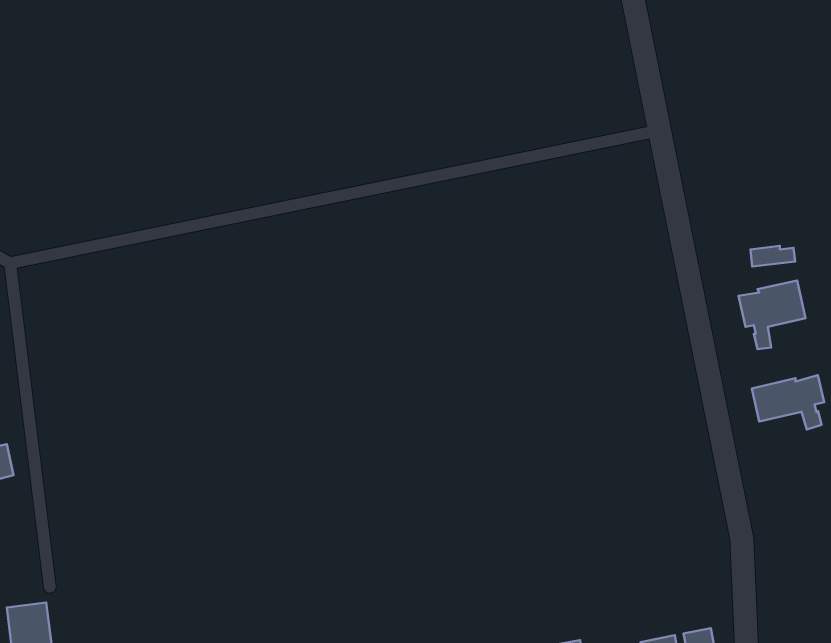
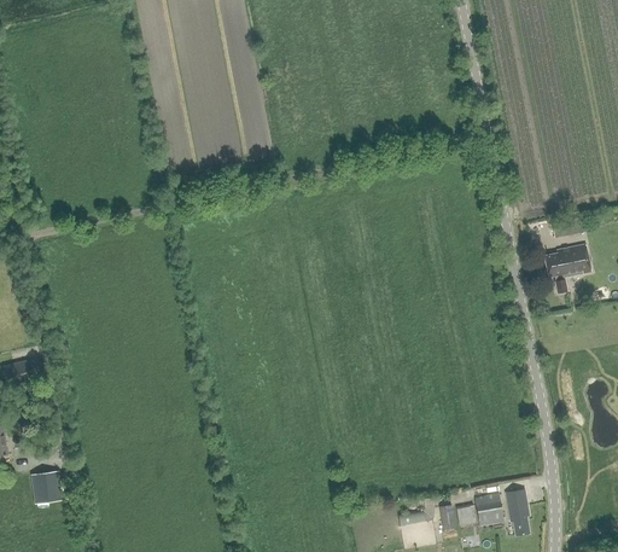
building: [752,375,824,429] -> none

